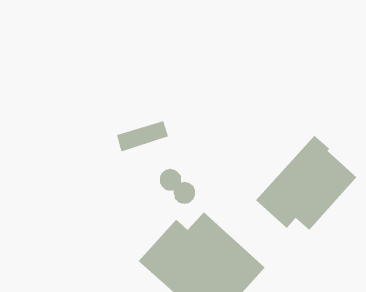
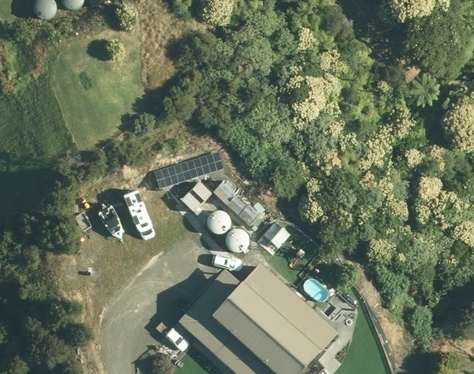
building: [255,135,357,231] -> none

